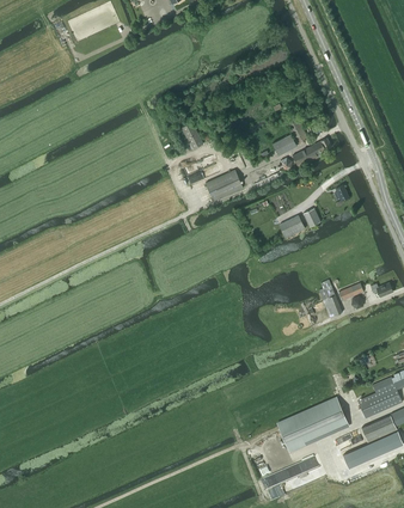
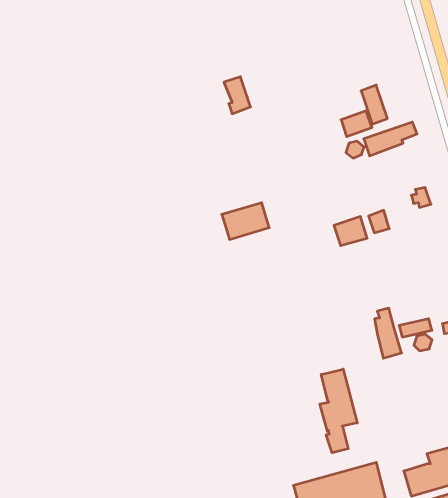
building: [204,170,241,201] -> [222,203,269,239]
building: none -> [320,369,357,453]

